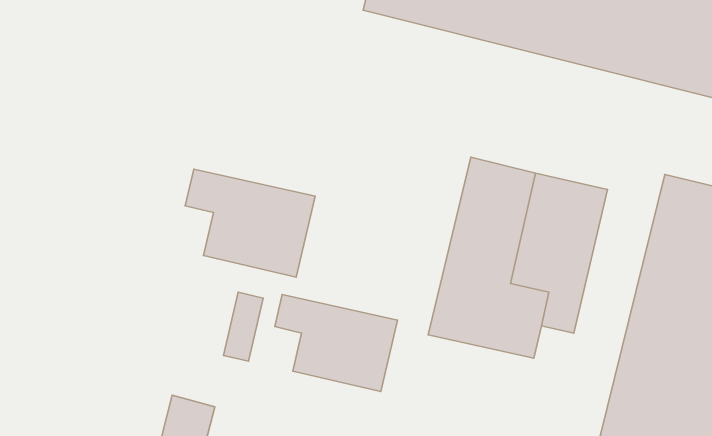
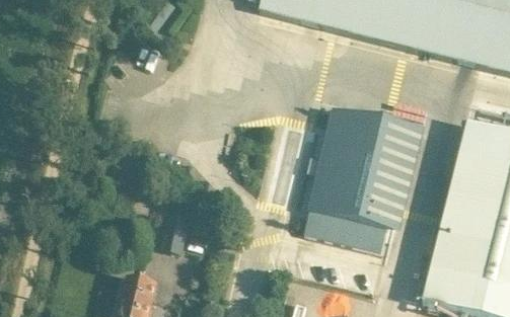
building: [185,169,315,277] -> none
building: [275,294,398,392] -> none

